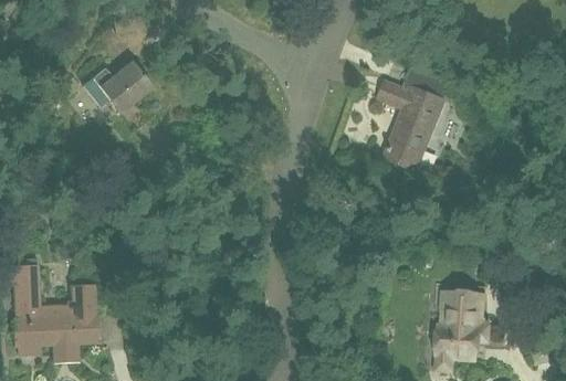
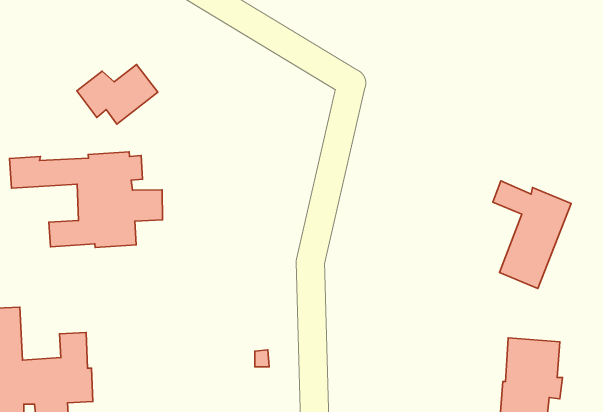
building: [378,81,443,170] -> [493,181,571,288]
building: none -> [9,152,163,248]

